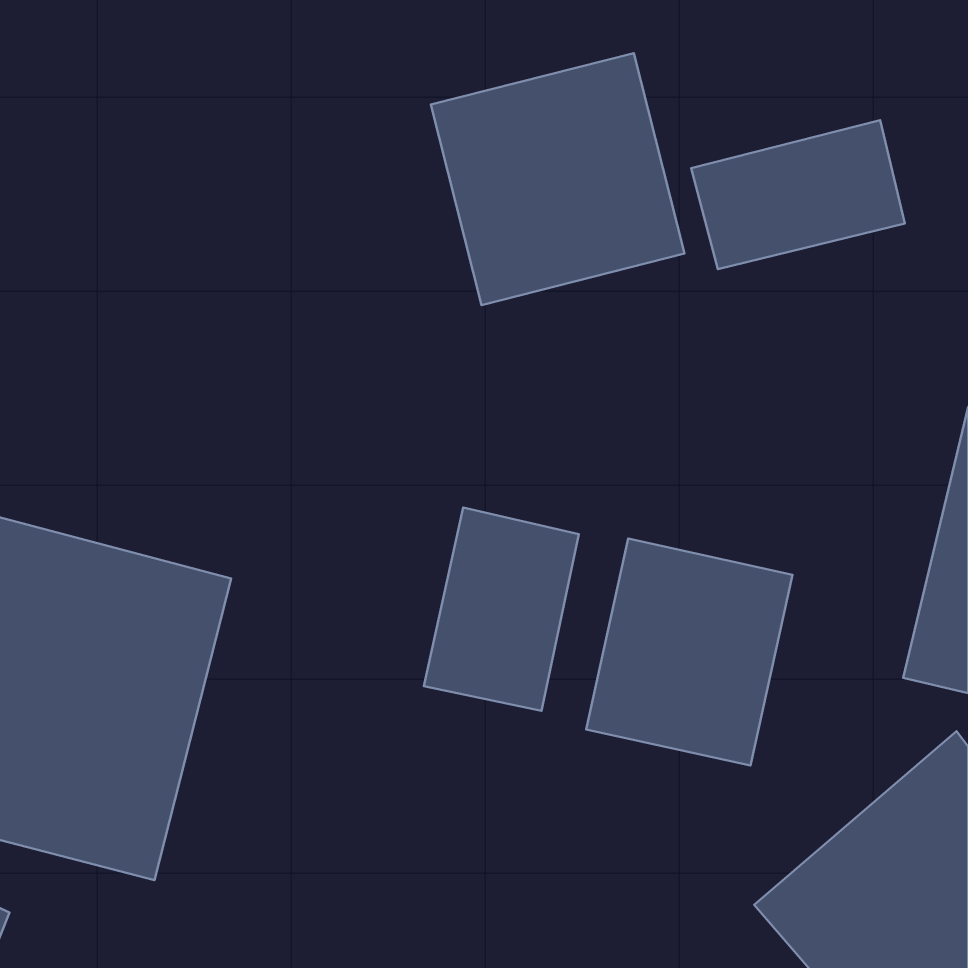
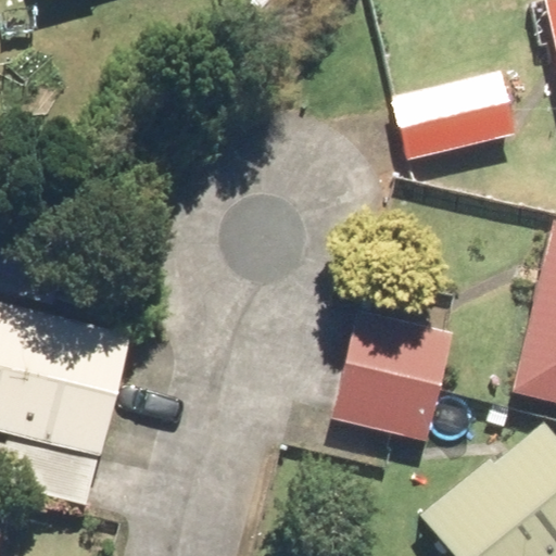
building: [431,53,685,305] -> none
building: [424,508,579,711] -> none

